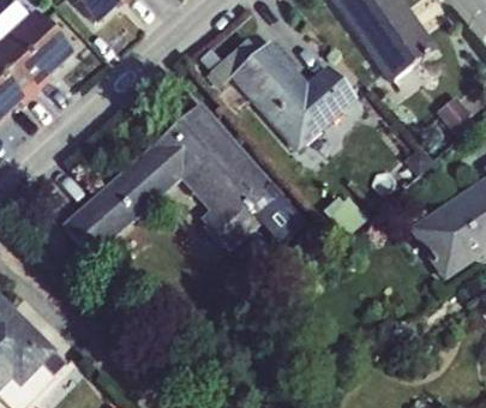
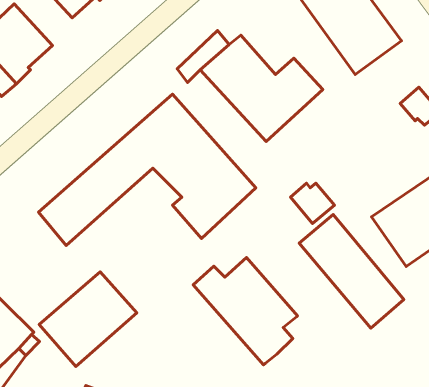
building: none -> [299,215,404,328]
building: none -> [193,258,298,365]
building: none -> [39,272,137,366]

